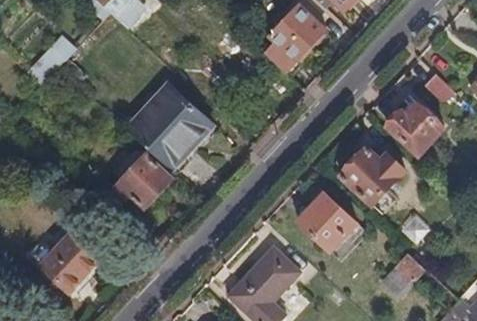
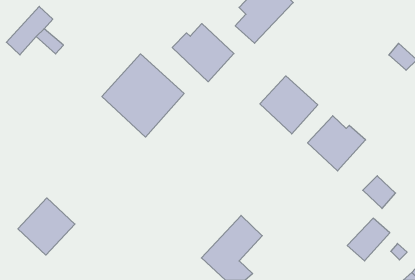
building: none -> [172,24,234,82]
building: [386,102,443,154] -> none
building: [105,150,174,210] -> none
building: [297,192,357,252] -> [260,76,318,134]

